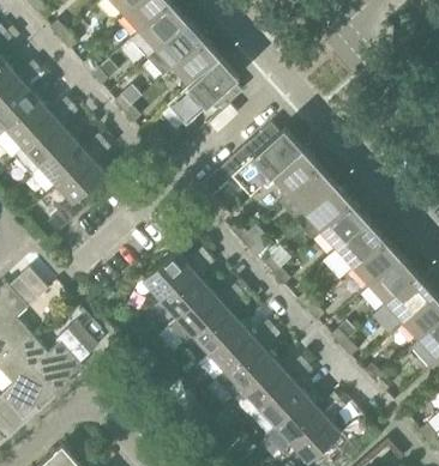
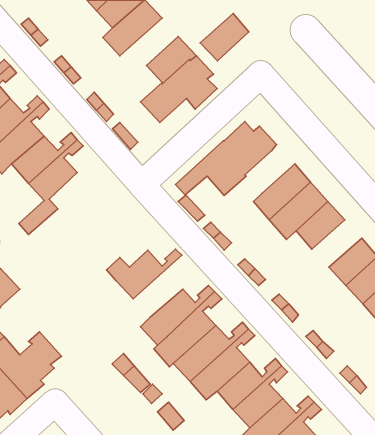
building: [155,23,203,69] -> [200,14,249,61]
building: [269,147,318,195] -> none
building: [335,222,384,268] -> none
building: [158,256,212,317] -> none

